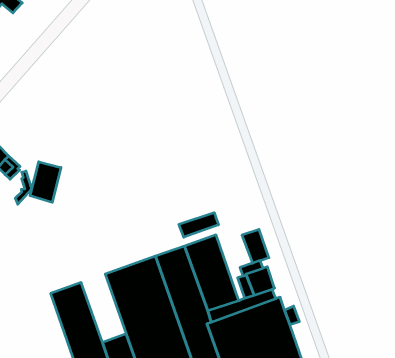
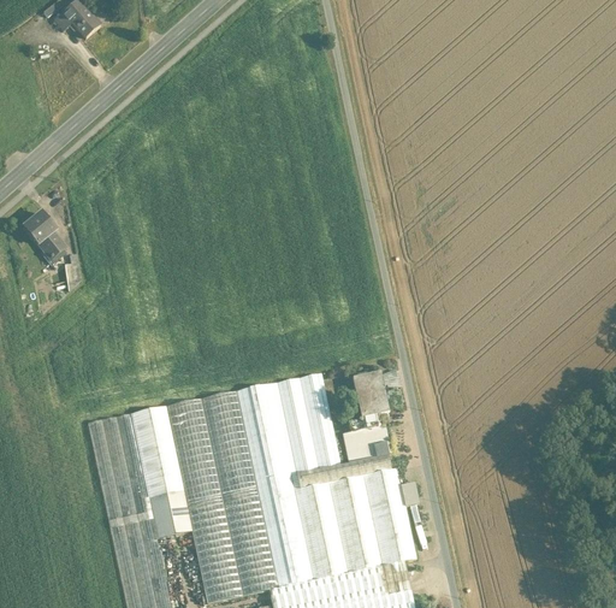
building: [30,162,61,202] -> none
building: [179,213,218,237] -> none
building: none -> [131,407,183,498]

